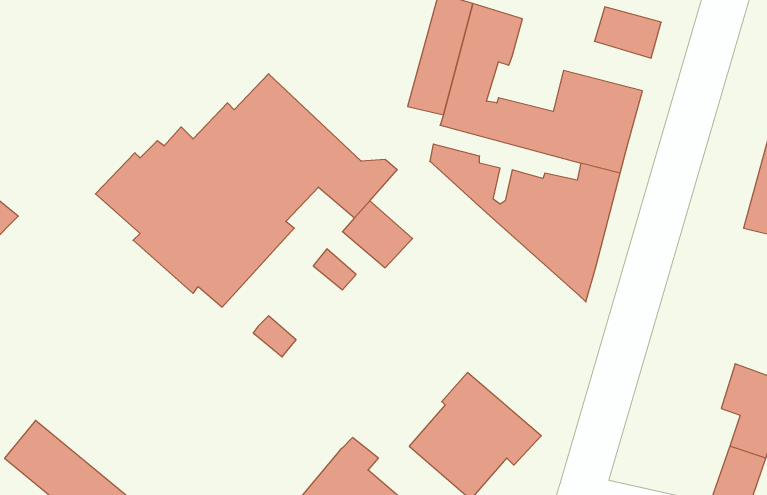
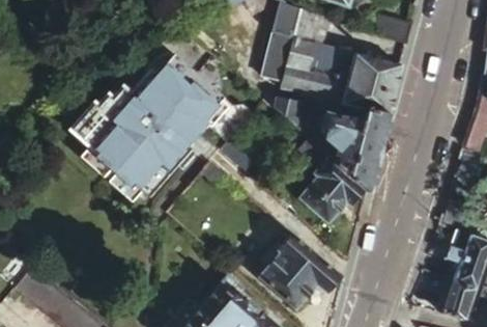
building: none -> [308,45,354,78]
building: none -> [298,139,364,222]

